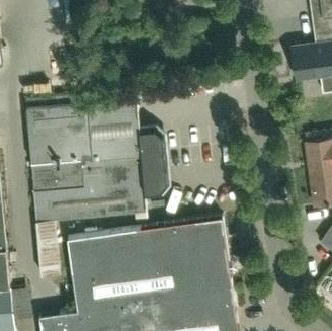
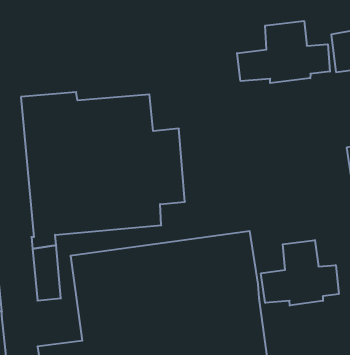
building: none -> [237,21,330,83]
building: none -> [261,240,339,306]

